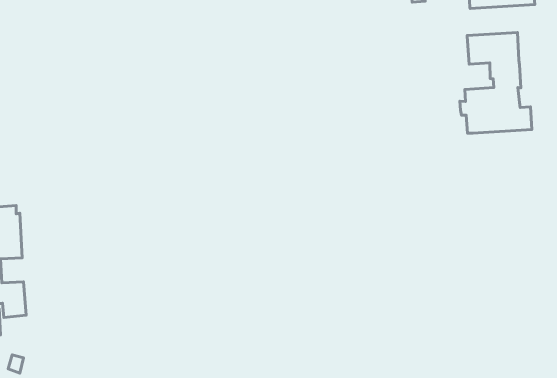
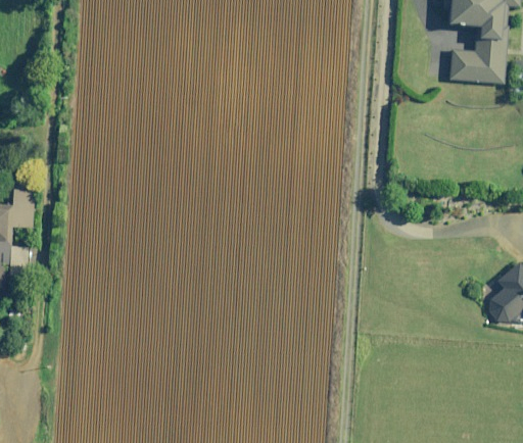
building: [460,32,532,133] -> none

